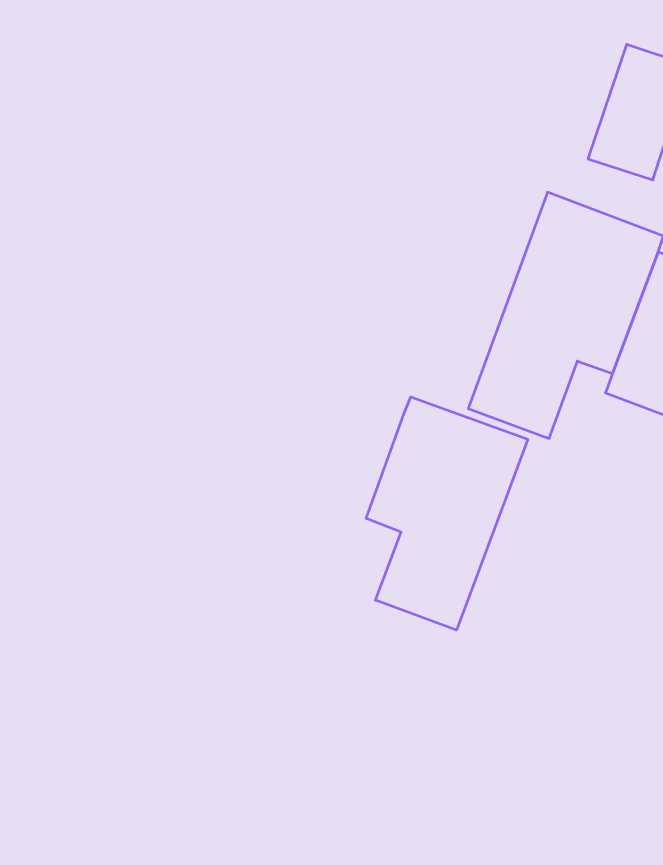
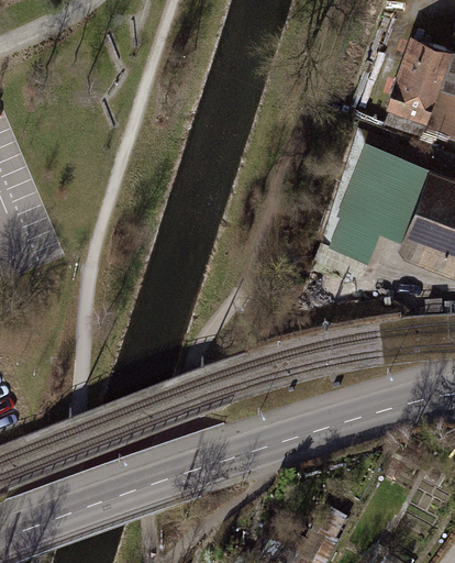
building: [366,397,528,630] -> none

